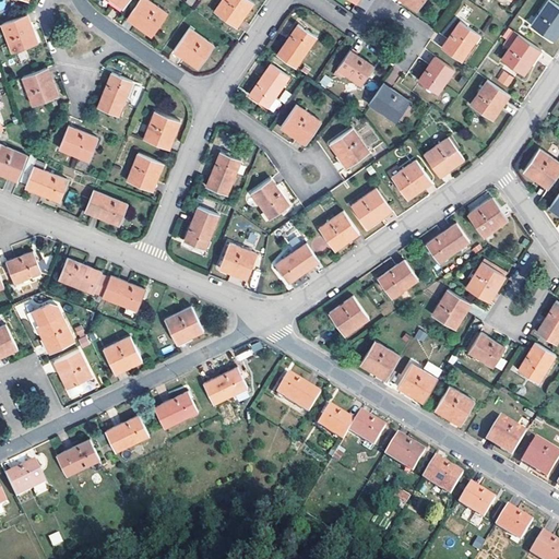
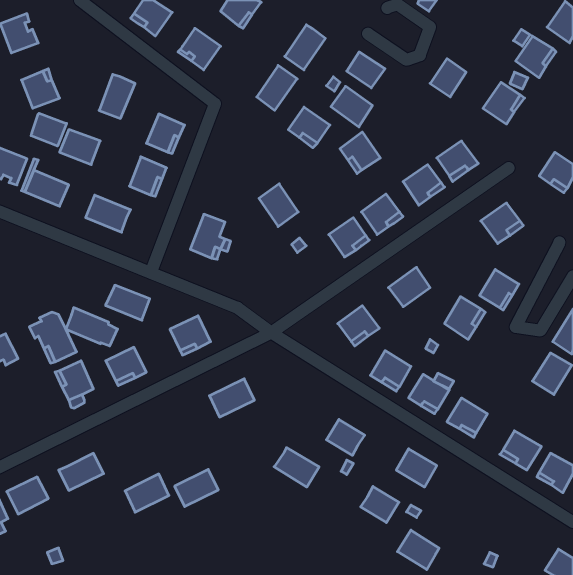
building: [440,22,478,62] -> none
building: [368,85,408,124] -> [331,86,372,127]
building: none -> [31,113,67,146]
building: [206,152,240,197] -> none
building: [425,223,468,262] -> none
building: [218,243,257,281] -> none
building: [275,243,319,284] -> none
building: [5,252,40,284] -> none
building: [60,259,110,296] -> [66,308,118,346]
building: [467,333,504,367] -> none
building: [275,377,319,415] -> [274,448,319,487]
building: [155,392,198,428] -> [175,469,218,507]
building: [347,413,384,448] -> [361,486,399,523]
building: [106,416,148,453] -> [125,474,169,512]
building: [421,459,462,497] -> [397,530,439,570]
building: [457,485,495,519] -> none
building: [495,507,532,542] -> none

